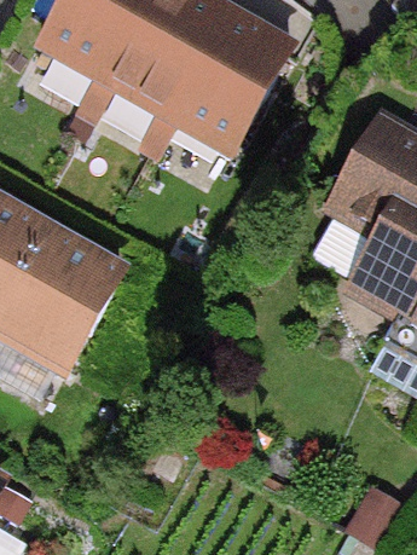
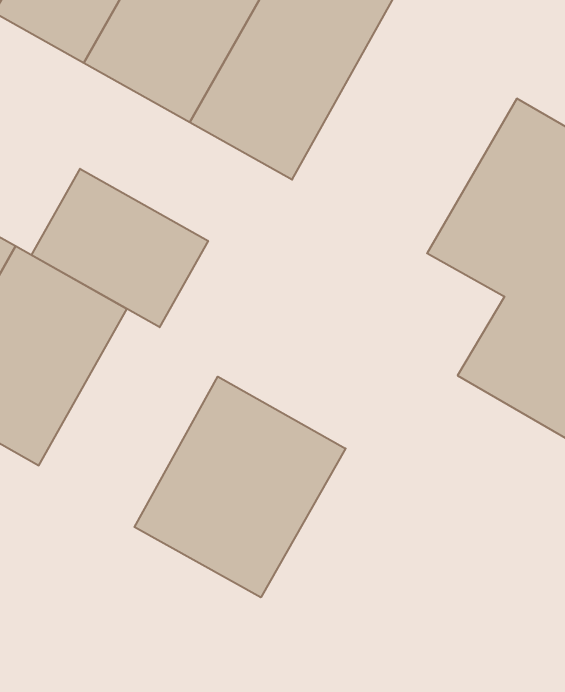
building: none -> [32,169,208,327]
building: none -> [134,377,346,597]

